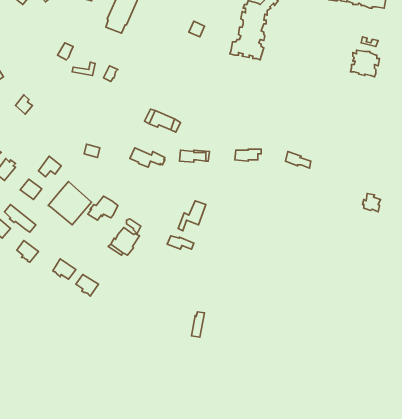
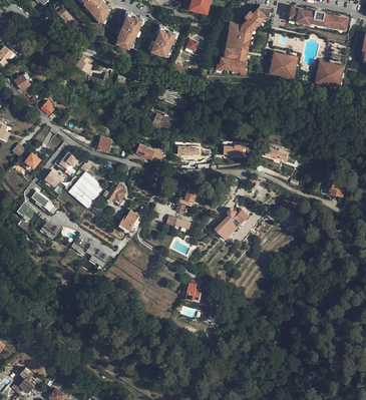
building: none -> [150,26,175,55]
building: none -> [272,52,297,74]
building: none -> [215,209,249,240]

